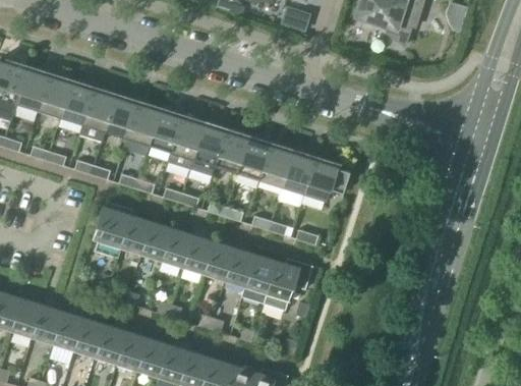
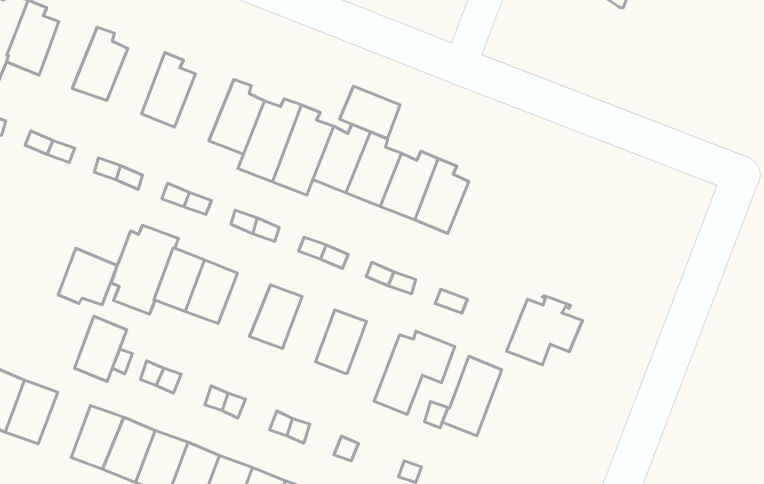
building: [38,74,72,118] -> none
building: [78,88,116,142] -> none
building: [122,102,161,155] -> none
building: none -> [340,86,400,139]
building: [302,158,349,202] -> [506,295,582,365]
building: none -> [58,248,117,305]
building: [161,228,192,268] -> none
building: [202,240,234,281] -> none
building: [240,254,276,304] -> [442,356,502,436]
building: [52,311,83,351] -> [74,316,127,382]

